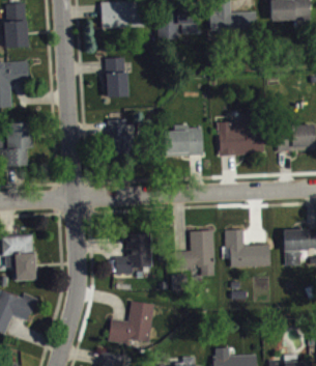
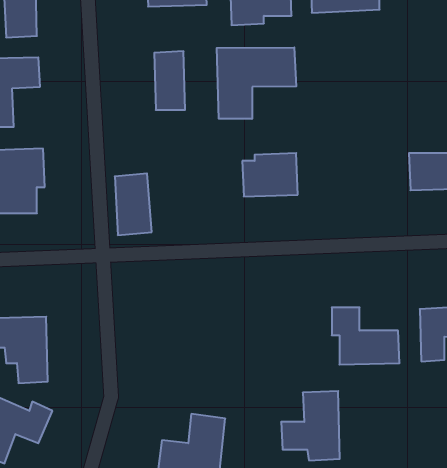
building: none -> [217,47,296,119]
building: [218,112,262,154] -> none
building: [108,118,133,160] -> [115,173,152,235]
building: [175,230,214,277] -> [281,391,340,460]
building: [115,232,151,274] -> none

